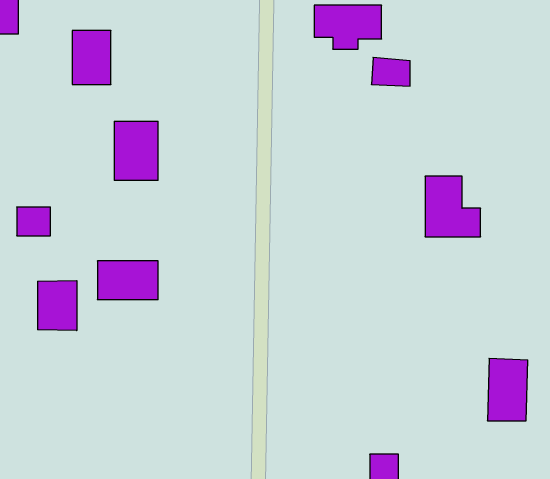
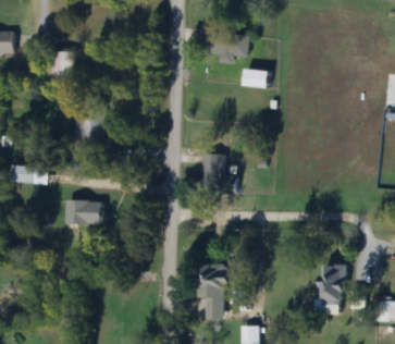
building: [425,176,481,237] -> [201,153,237,193]
building: [38,281,77,331] -> none
building: none -> [198,262,226,319]

